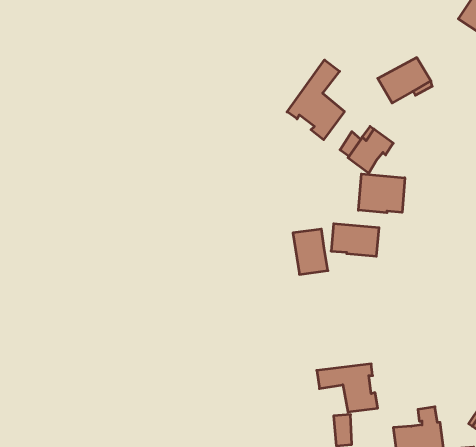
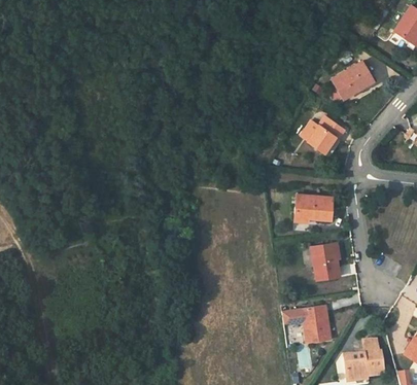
building: [287,60,344,140] -> none
building: [358,174,405,213] -> none
building: [293,229,328,274] -> [312,244,340,280]

